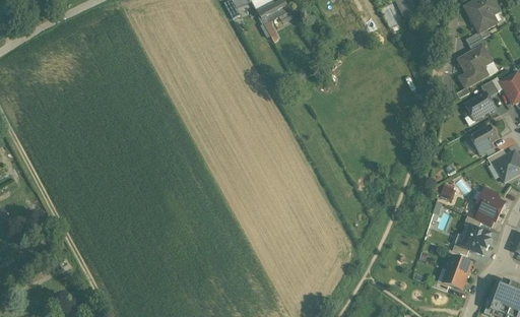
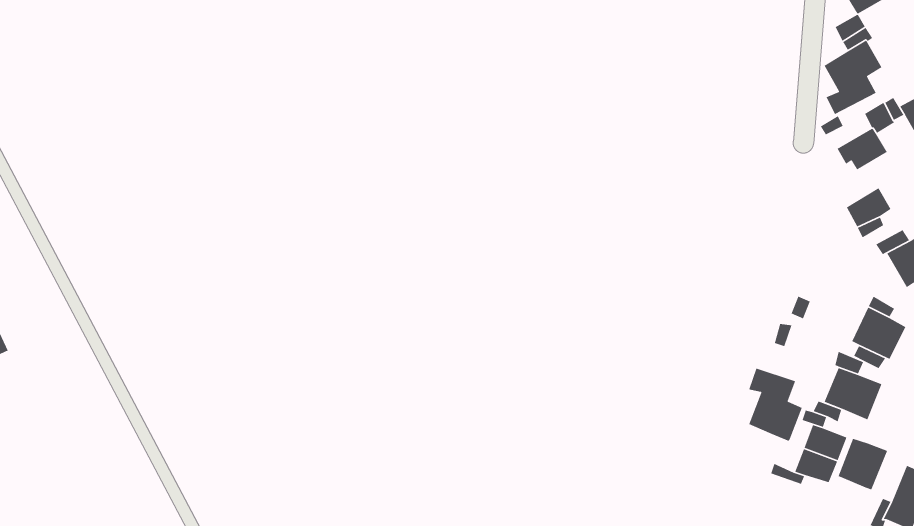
building: none -> [748,367,803,442]
building: none -> [838,438,888,491]

